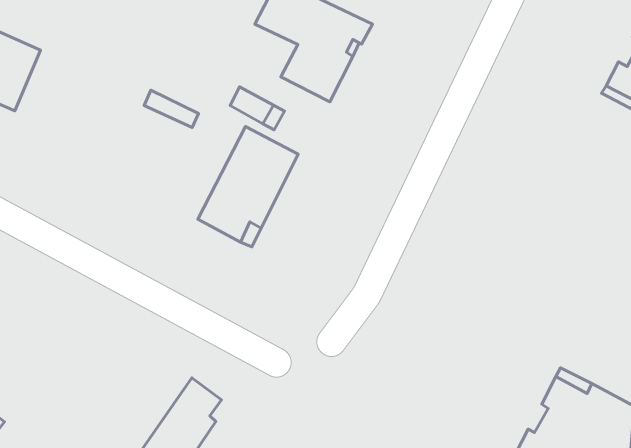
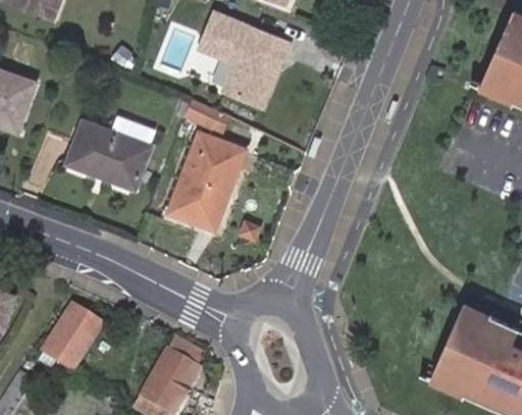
building: none -> [63,123,149,190]
building: none -> [42,307,101,373]

